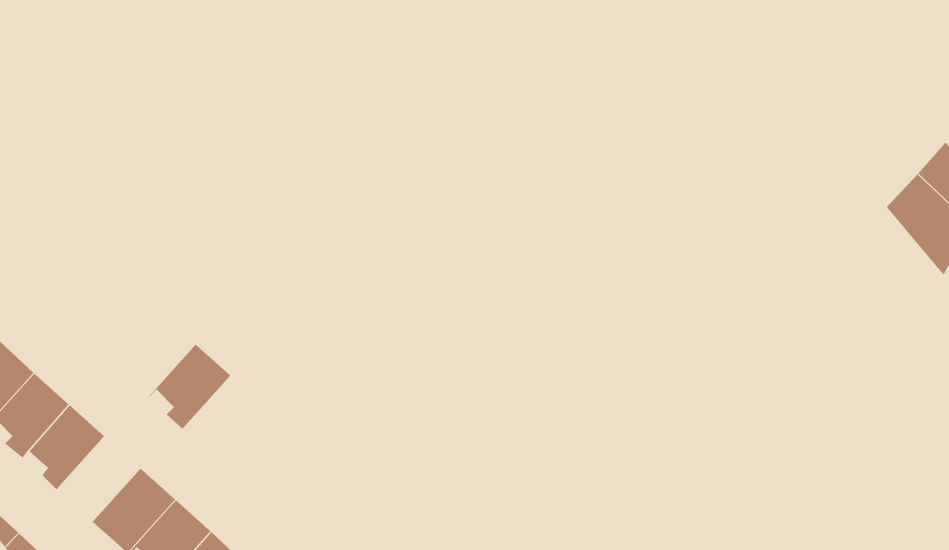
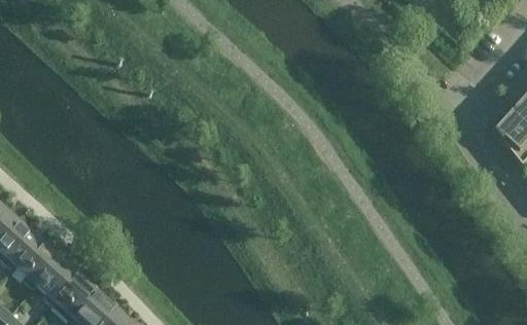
building: [147,344,231,429] -> [32,255,78,302]

